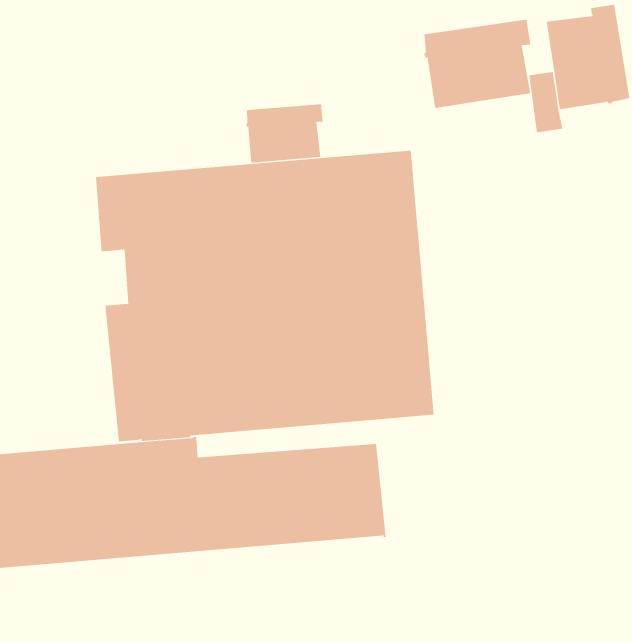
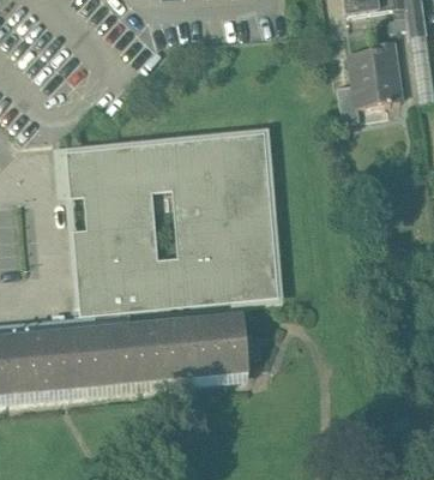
building: [423,19,531,109] -> none
building: [245,104,323,164] -> none

